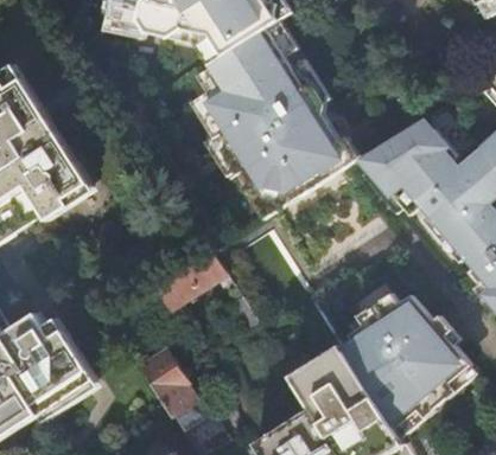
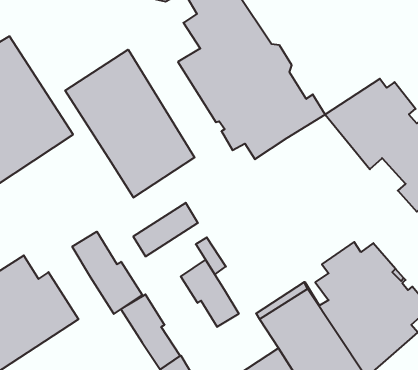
building: none -> [65,50,195,198]
building: none -> [72,232,142,314]
building: none -> [181,260,239,327]

